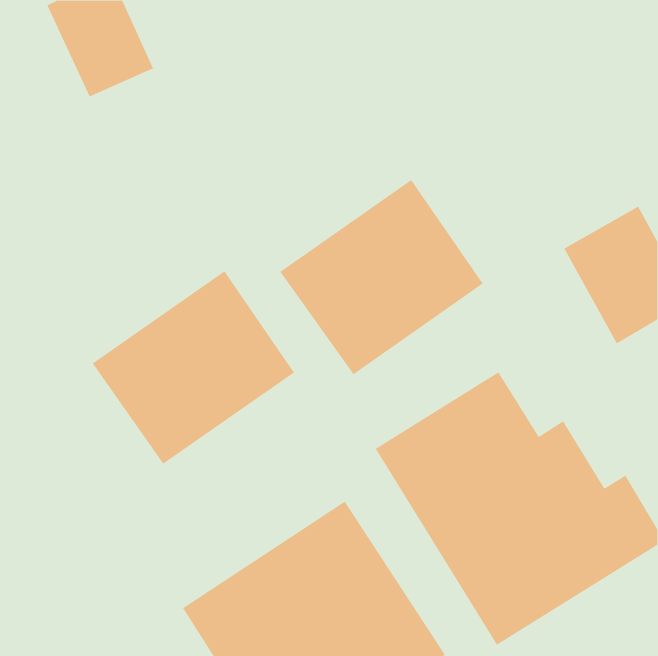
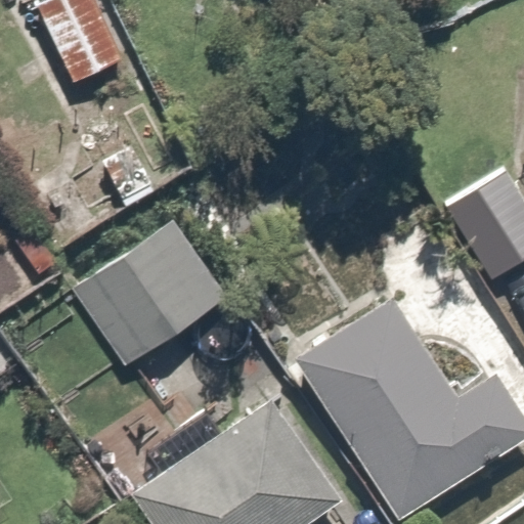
building: [279,179,484,375] -> none

